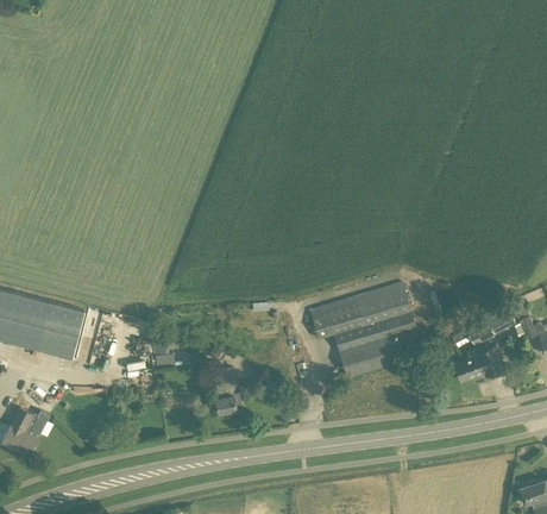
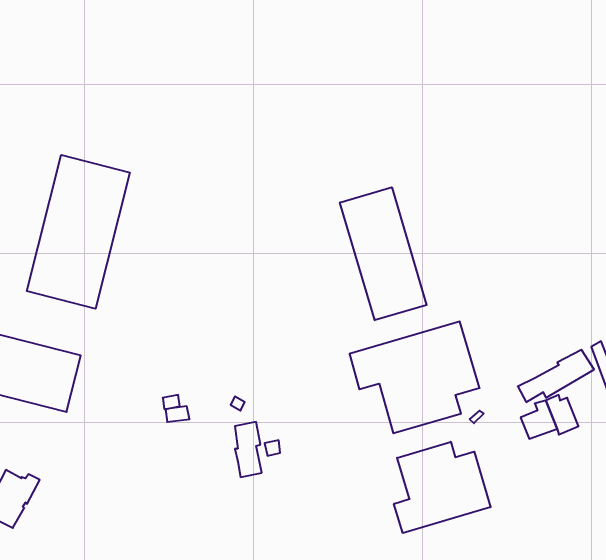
building: none -> [27,155,130,309]
building: none -> [340,187,427,320]
building: none -> [394,442,491,533]

